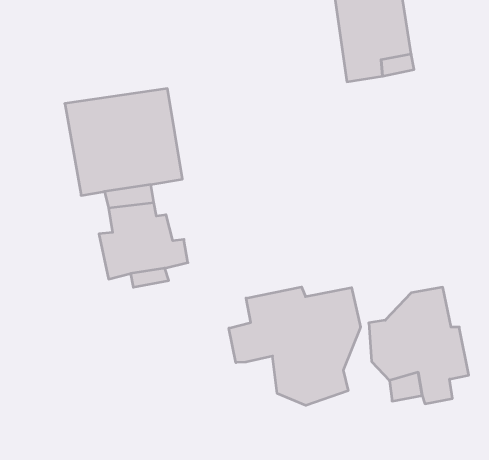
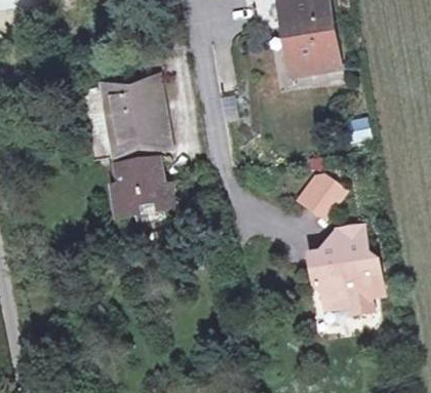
building: none -> [301,175,349,220]
building: [229,287,360,405] -> none

